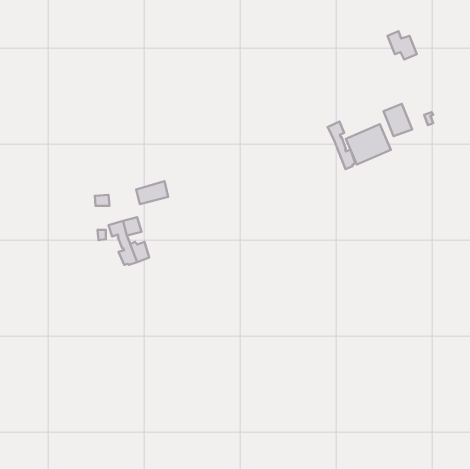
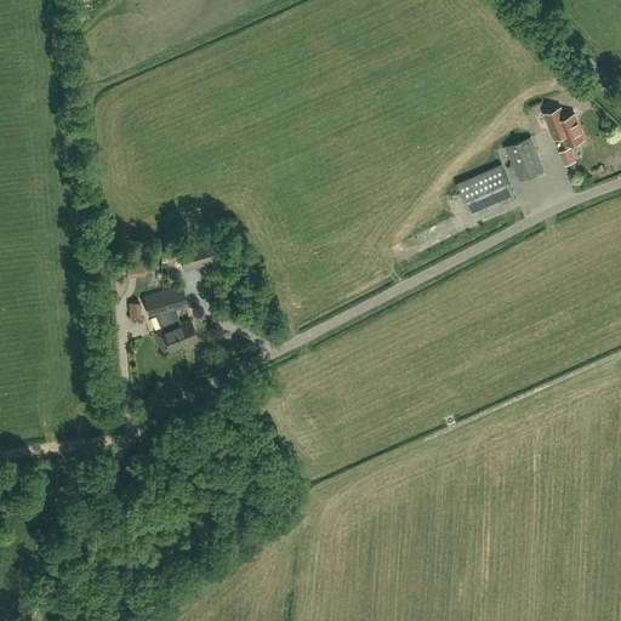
building: [387,31,417,60] -> [545,109,583,147]
building: [327,122,355,169] -> none

